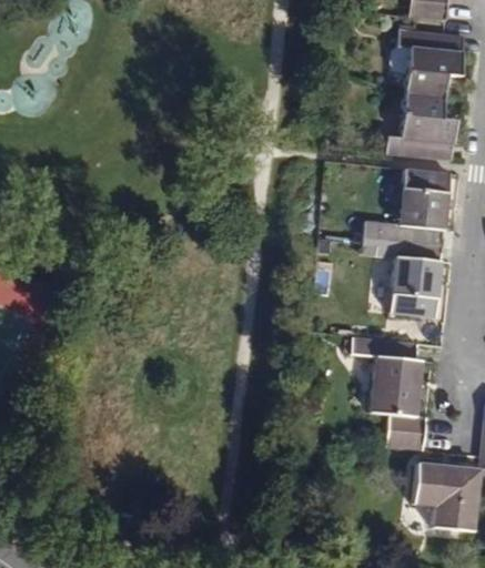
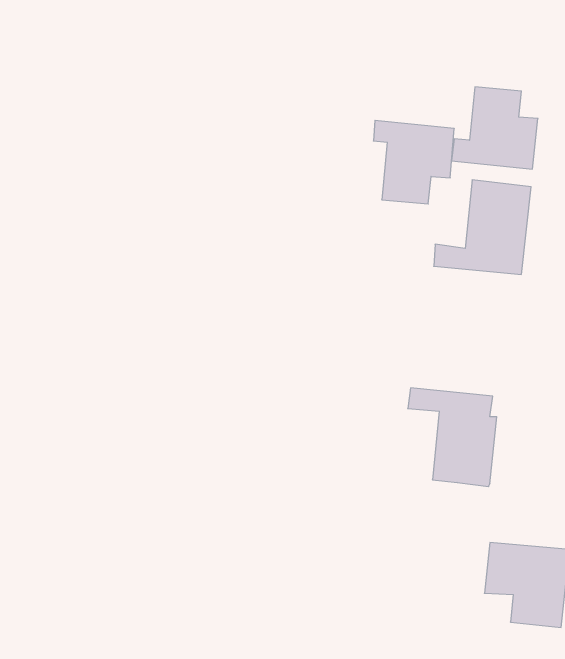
building: [398,29,464,97] -> [373,120,454,204]
building: [370,239,443,317] -> none
building: [387,414,428,449] -> none

